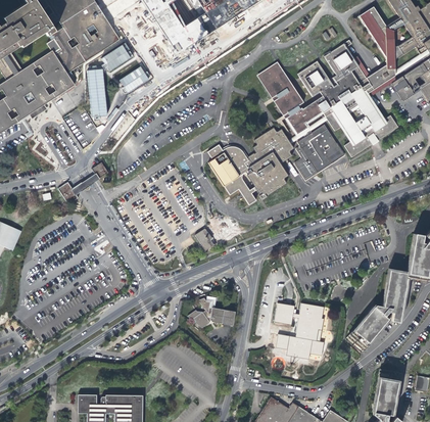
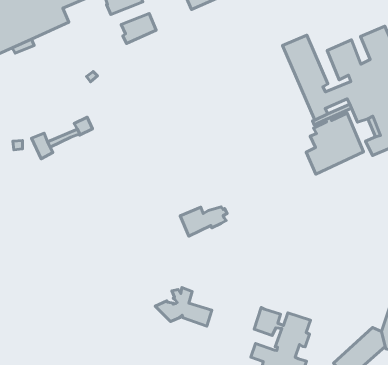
building: [88,68,107,118] -> none
building: [206,127,294,204] -> none

